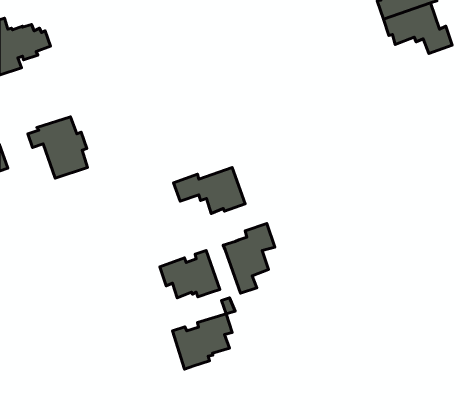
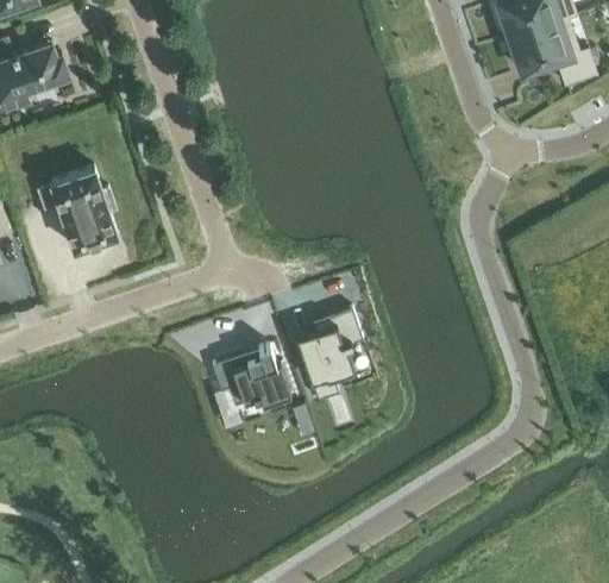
building: [174,167,245,214] -> none
building: [172,314,232,369] -> none

